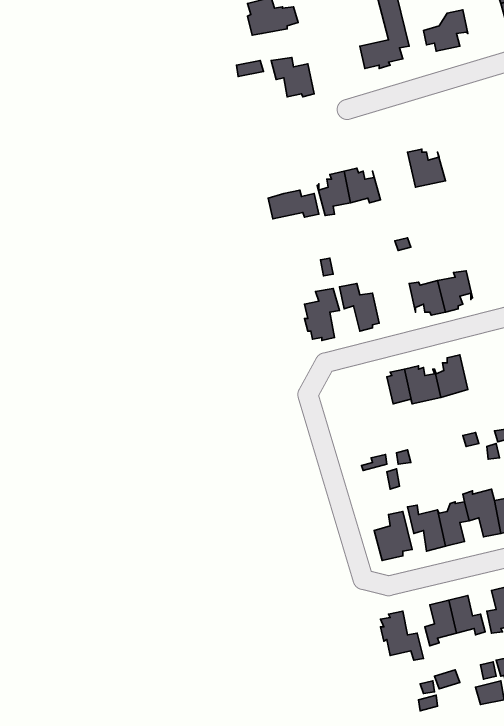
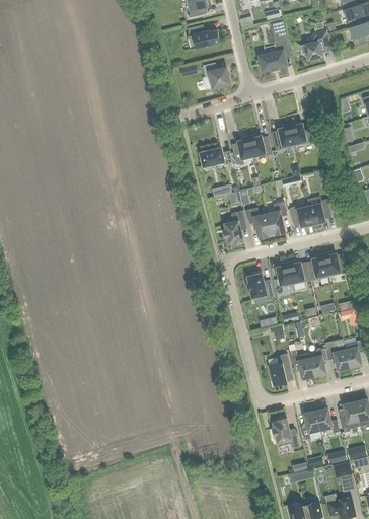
building: none -> [272,124,294,150]
building: none -> [267,201,286,234]
building: none -> [322,251,346,276]
building: none -> [246,271,274,300]

